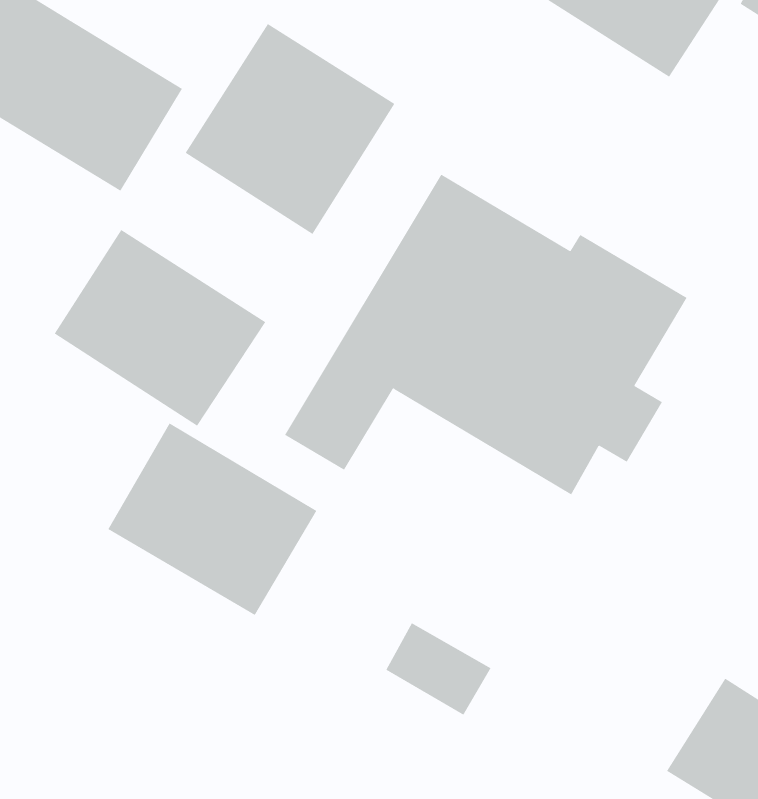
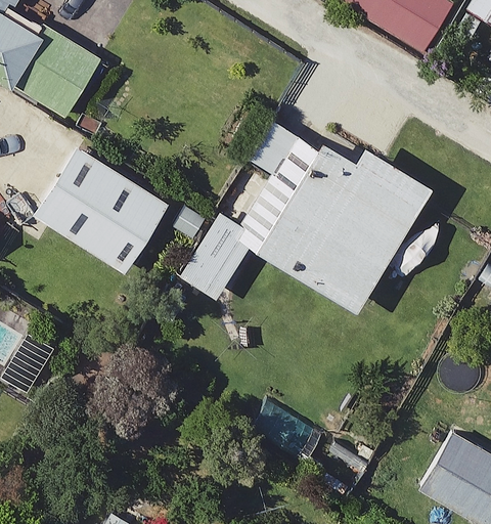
building: [185,23,395,235] -> none
building: [108,423,317,616] -> none

